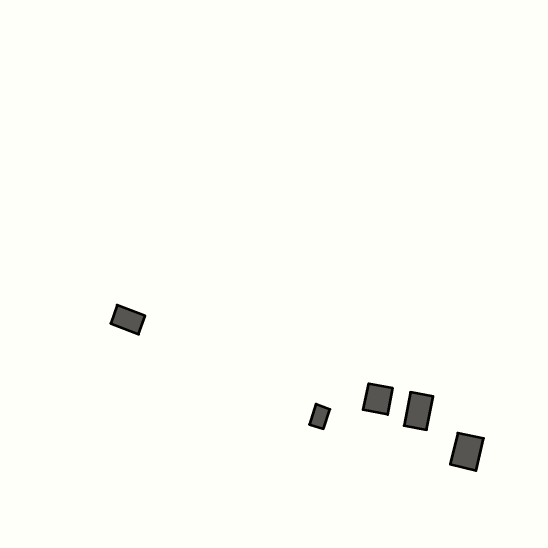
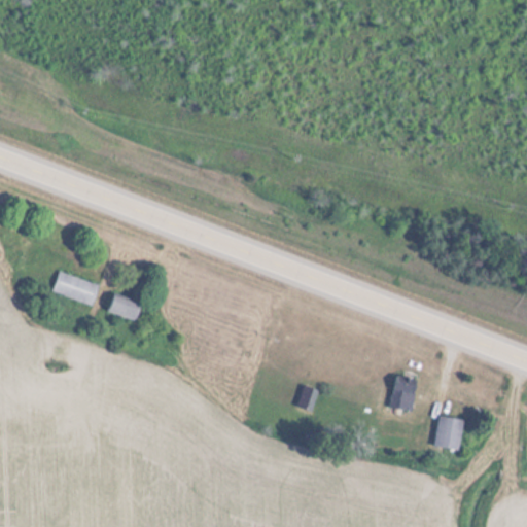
building: none -> [54,271,100,306]
building: [363,384,392,415] -> none

